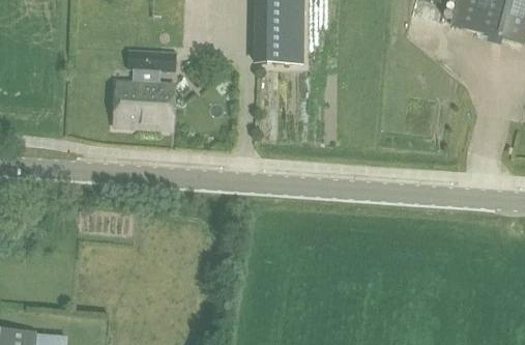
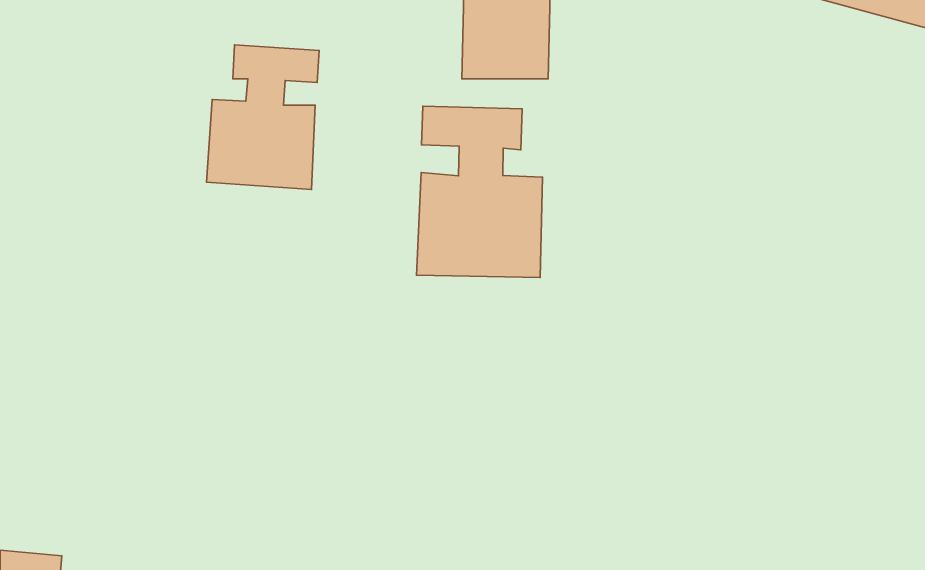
building: none -> [416,106,543,278]

